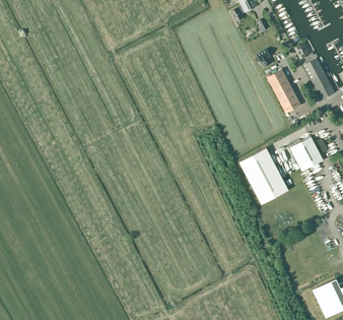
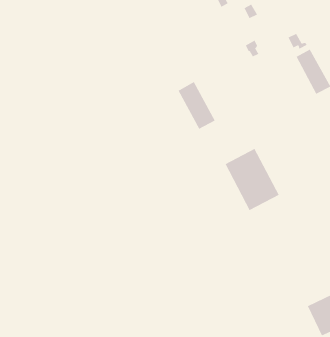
building: [266,69,300,113] -> [178,81,216,130]
building: [289,136,327,171] -> none

